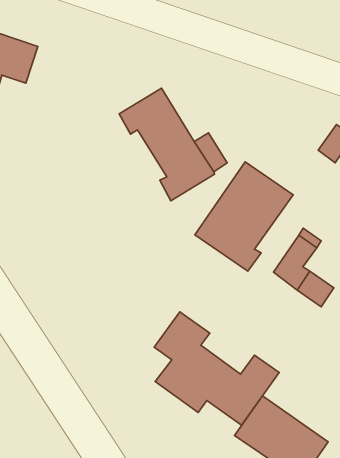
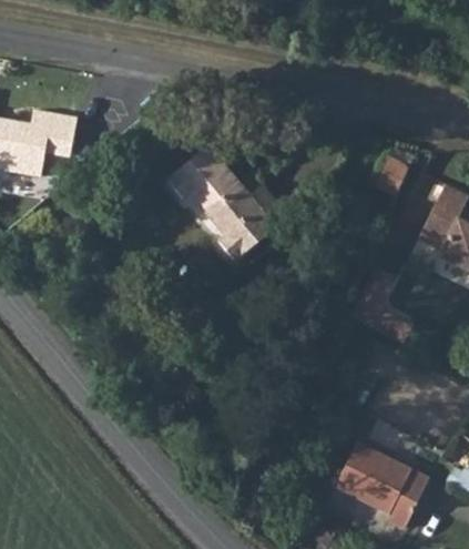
building: [195,162,293,271] -> none
building: [154,312,279,425] -> none

